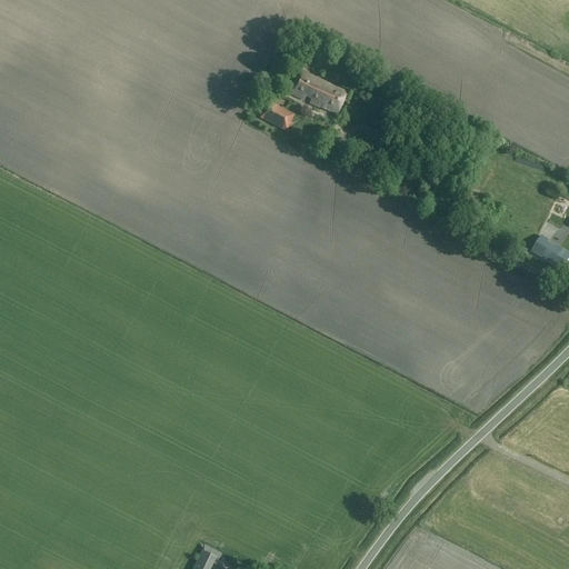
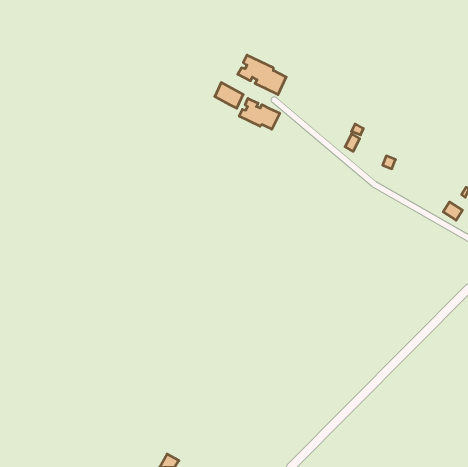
building: none -> [239,98,280,129]

